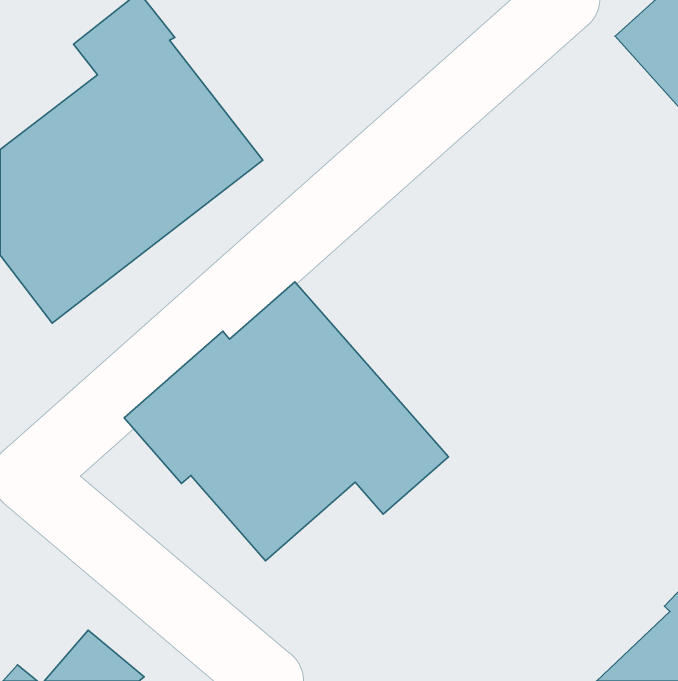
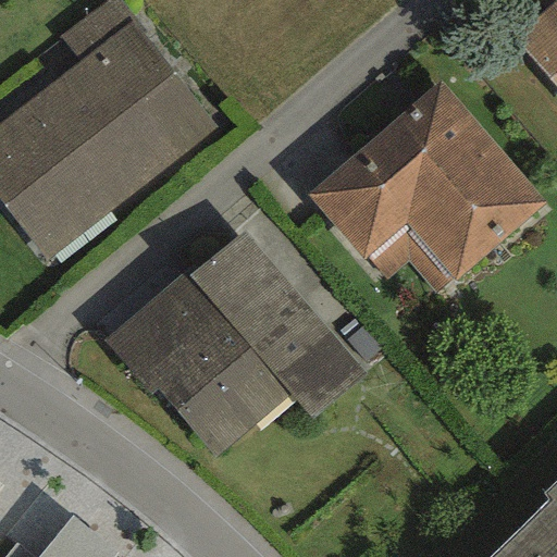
building: none -> [308,79,545,281]

